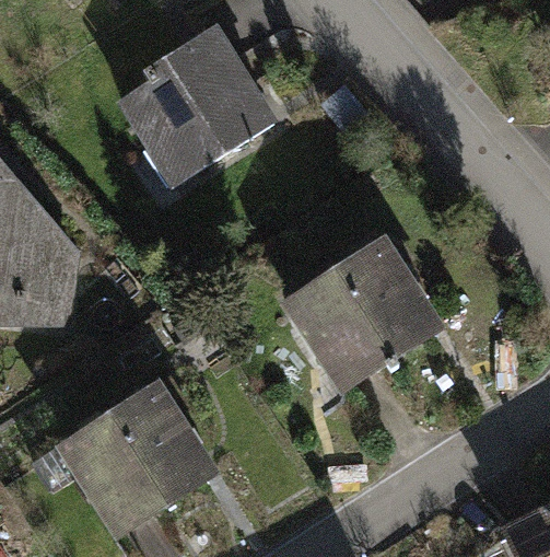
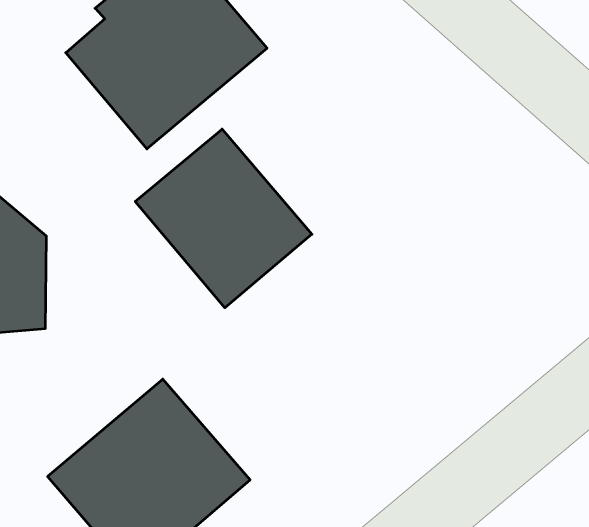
building: none -> [135,129,312,308]
building: [289,229,452,388] -> none

